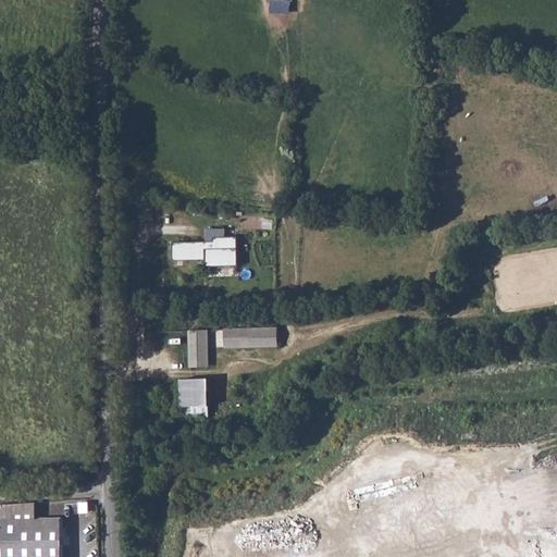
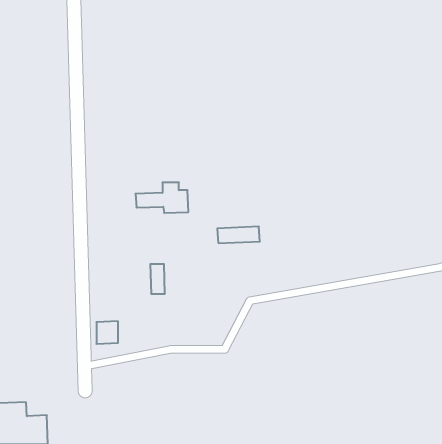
building: [223,327,276,348] -> [217,227,260,243]
building: [180,380,207,408] -> [96,321,118,344]

